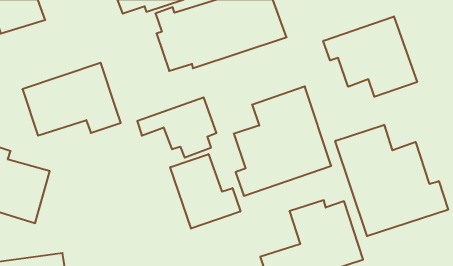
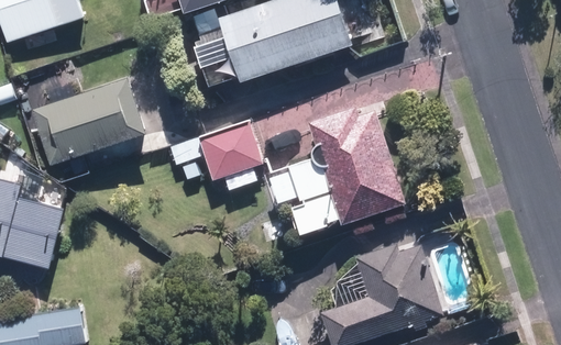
building: [323,16,417,97] -> none
building: [335,125,448,236] -> none
building: [170,154,240,229] -> none

